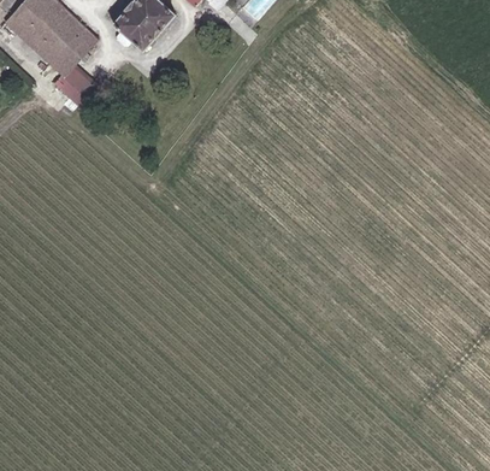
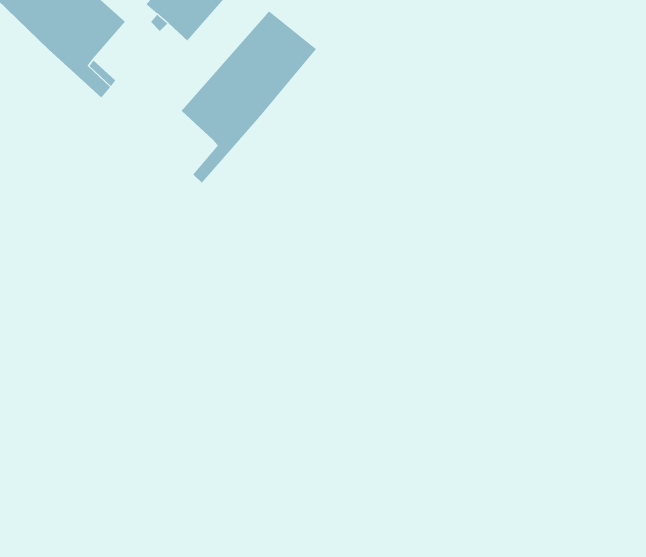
building: none -> [181,11,317,183]

